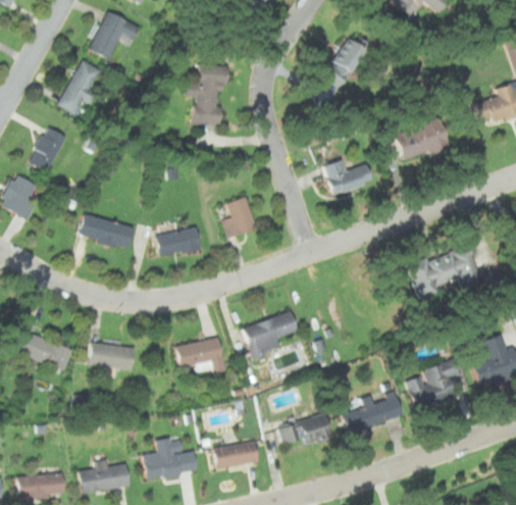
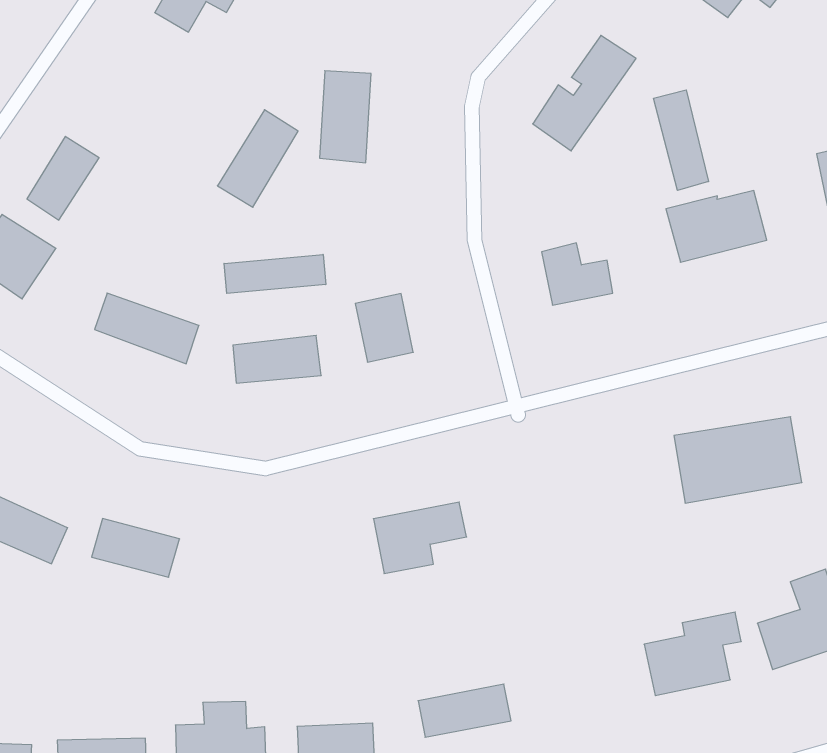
building: [59,59,102,115] -> [217,110,298,207]
building: none -> [654,90,709,190]
building: none -> [224,254,326,293]
building: [174,337,225,372] -> none
building: [339,391,405,435] -> none

